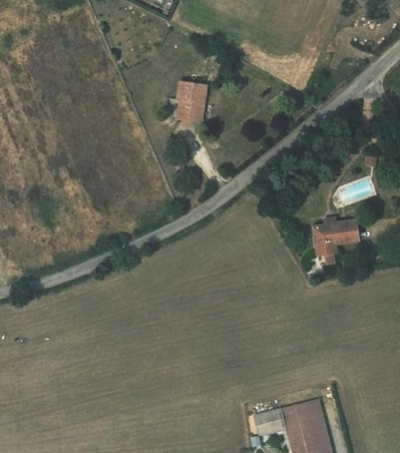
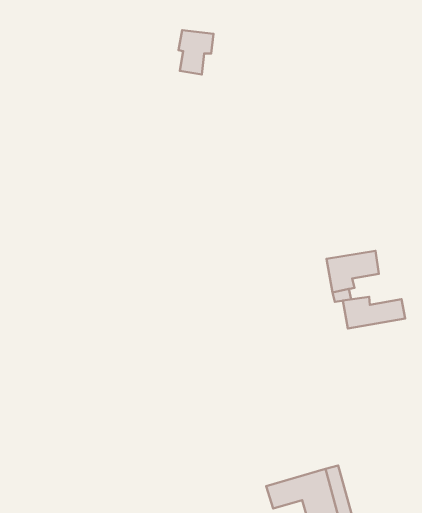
building: [175,81,206,119] -> [179,30,213,74]
building: none -> [343,297,405,329]

